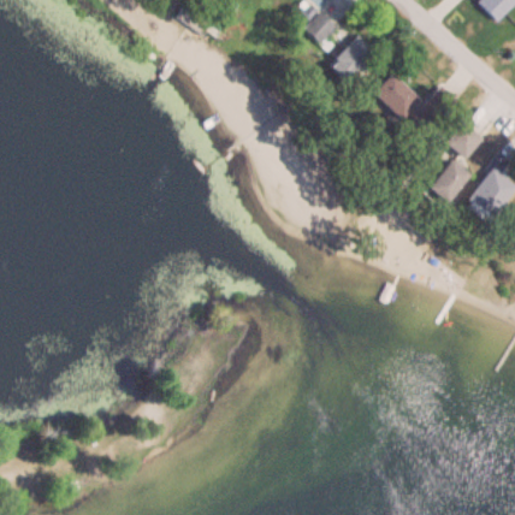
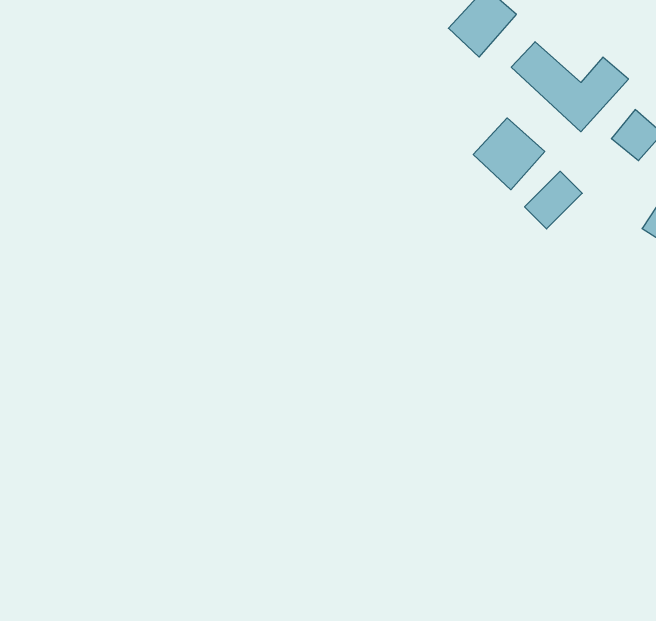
building: none -> [473,118,545,190]
building: [432,161,473,202] -> [525,171,582,229]

